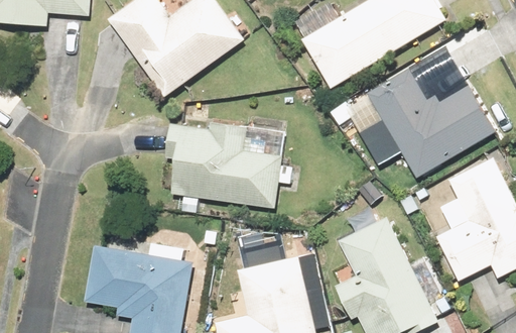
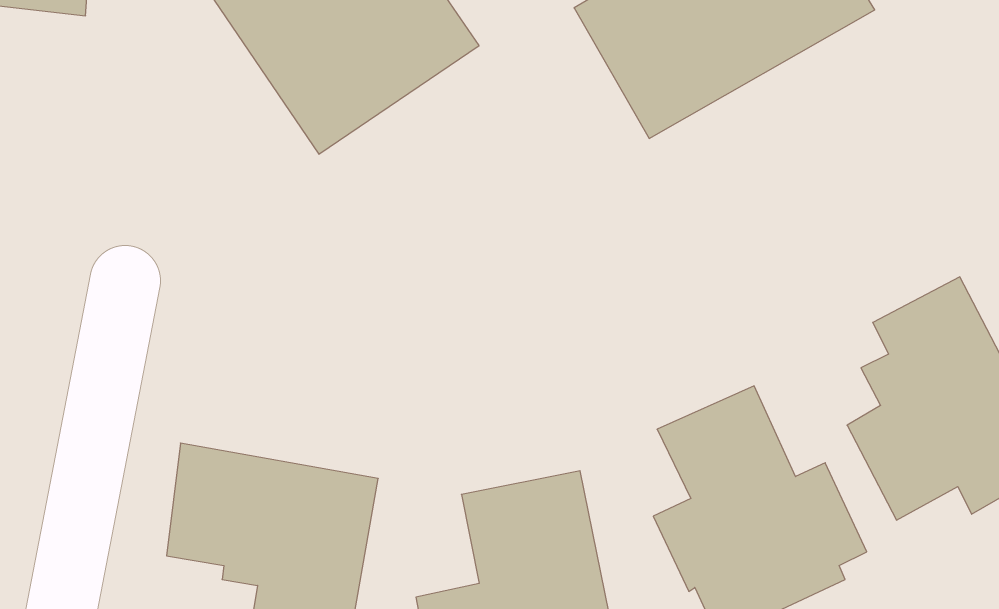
building: [357,66,493,174] -> none
building: [165,121,289,202] -> none

